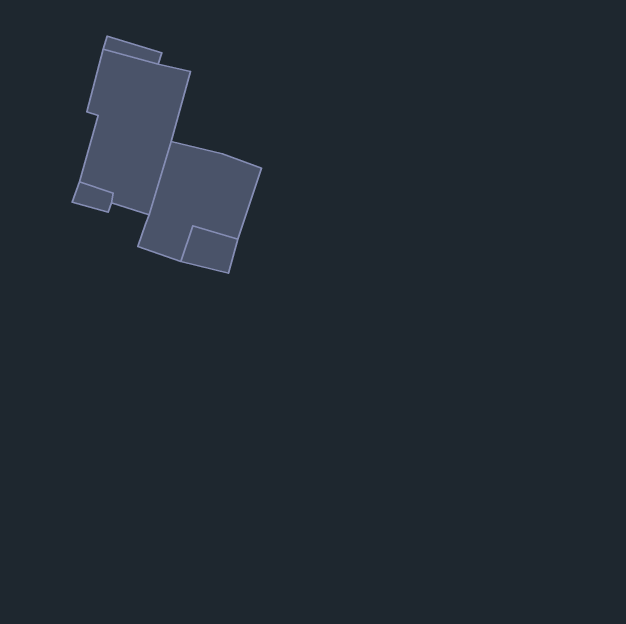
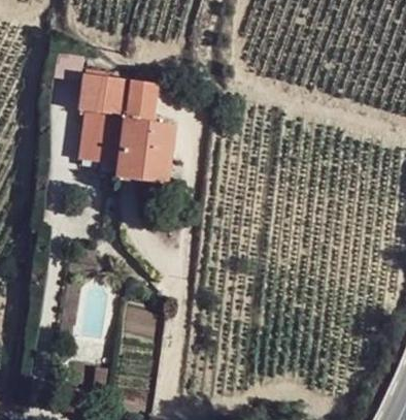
building: none -> [126,80,158,121]

